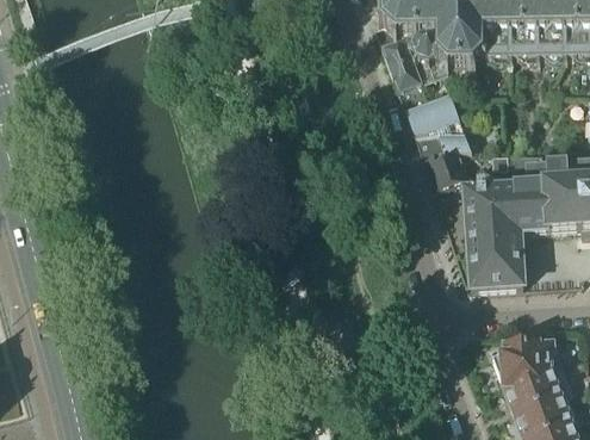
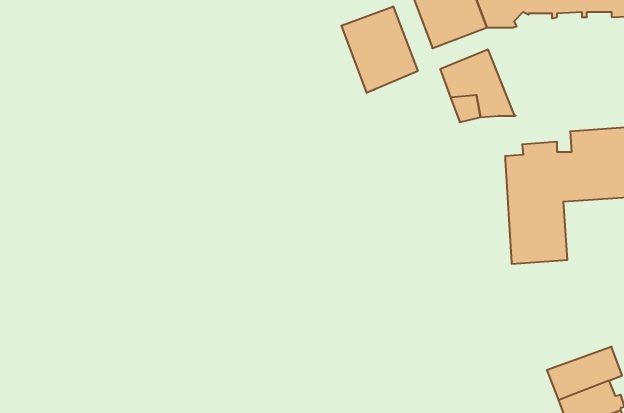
building: none -> [341,6,418,93]
building: [423,149,468,186] -> none
building: [492,335,563,383] -> none

